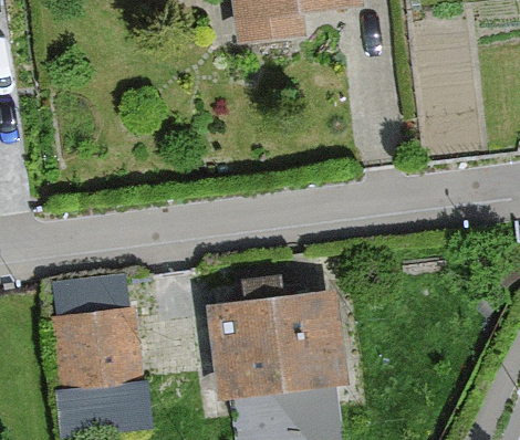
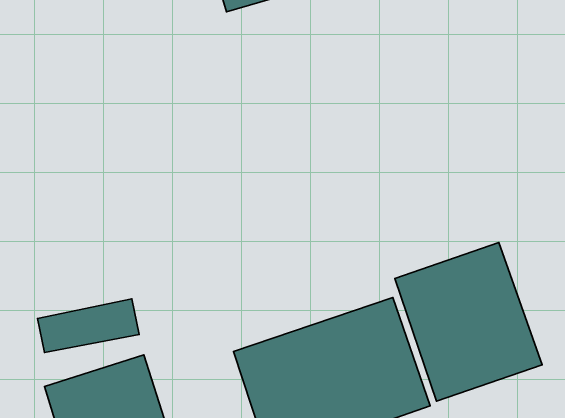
building: none -> [395,243,542,401]

